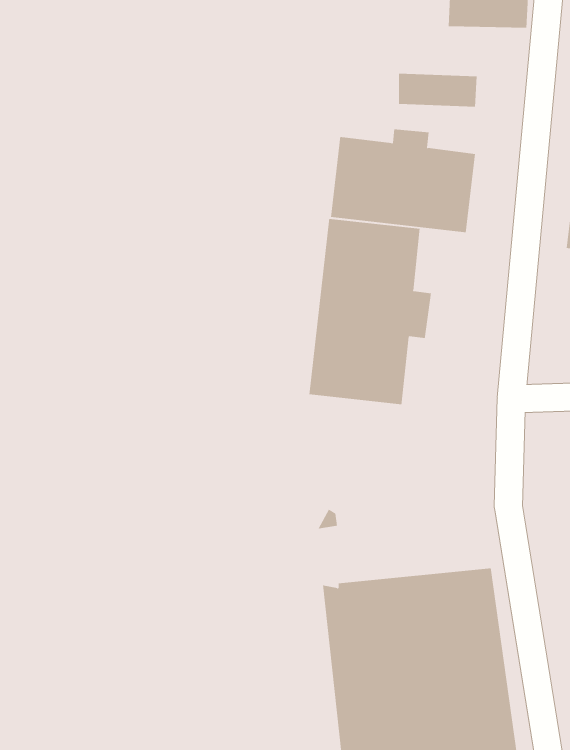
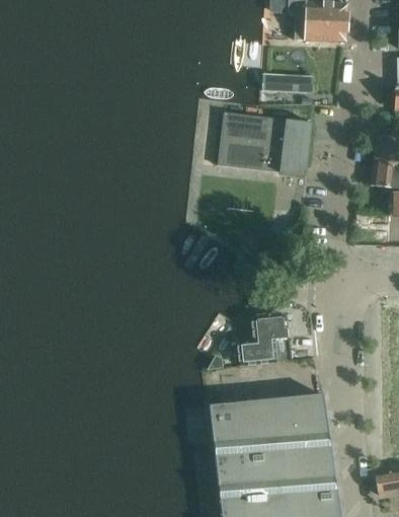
building: [309,218,432,405] -> none
building: none -> [237,312,291,365]

